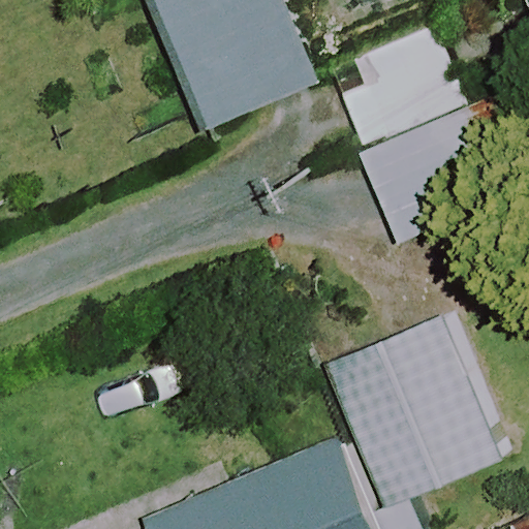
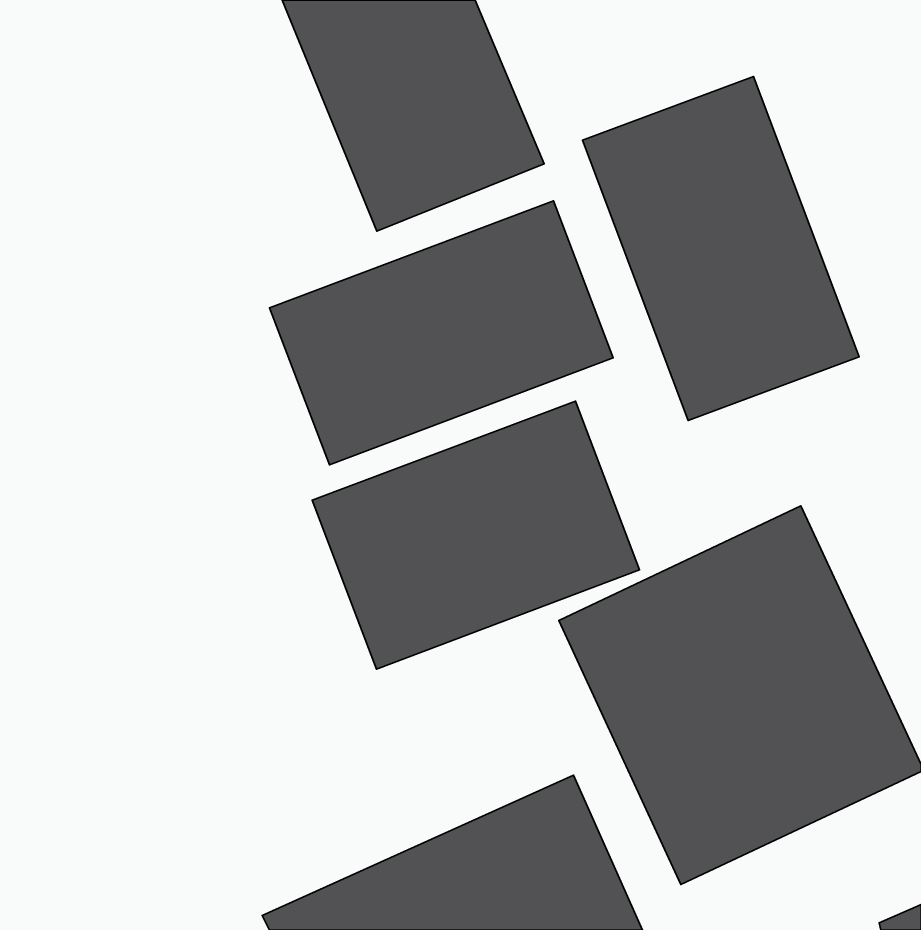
building: none -> [269,201,613,465]
building: none -> [312,401,640,669]

